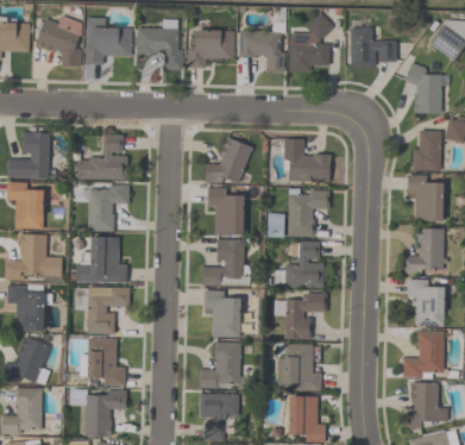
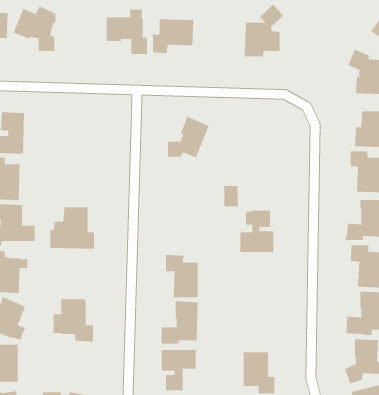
building: [87,17,133,64] -> none
building: [240,21,288,71] -> none
building: [350,27,396,67] -> none
building: [76,134,127,180] -> none
building: [283,138,331,181] -> none
building: [88,184,128,231] -> none
building: [207,188,244,233] -> none
building: [288,188,329,236] -> none
building: [202,239,251,287] -> none
building: [75,287,130,334] -> none
building: [274,293,326,339] -> none
building: [277,344,321,391] -> none
building: [70,389,126,437] -> none

